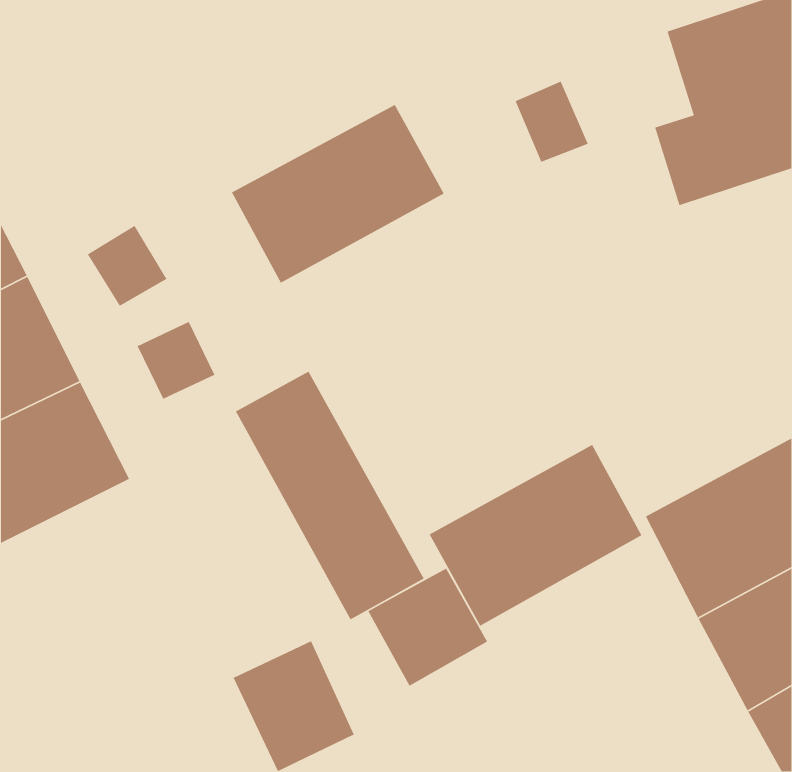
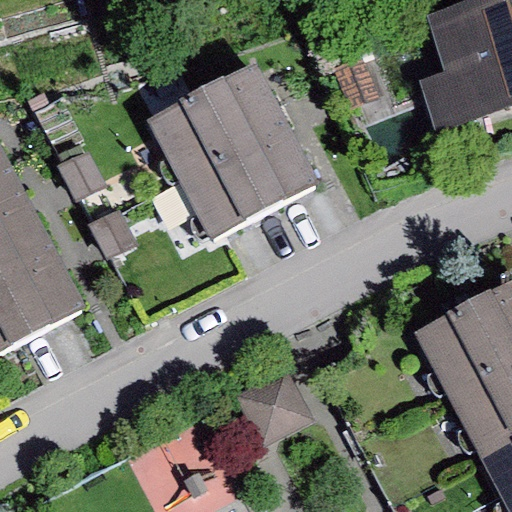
building: none -> [181,125,316,236]
building: [235,371,425,620] -> none
building: [428,444,642,627] -> none

